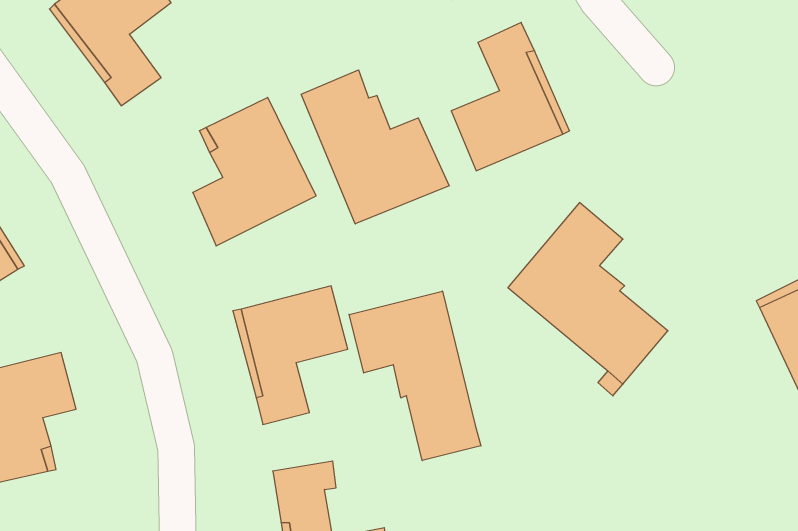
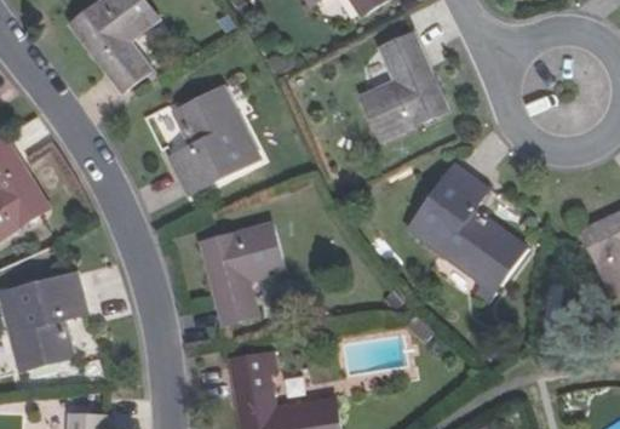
building: [301,70,449,224] -> none
building: [349,291,481,461] -> none

